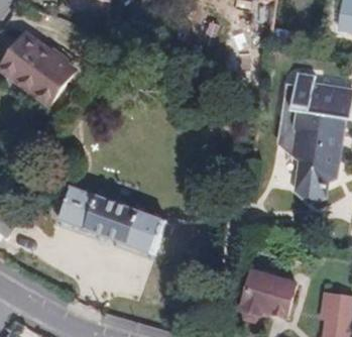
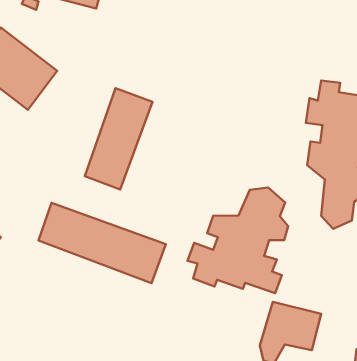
building: none -> [85,88,152,189]
building: none -> [188,188,288,293]

